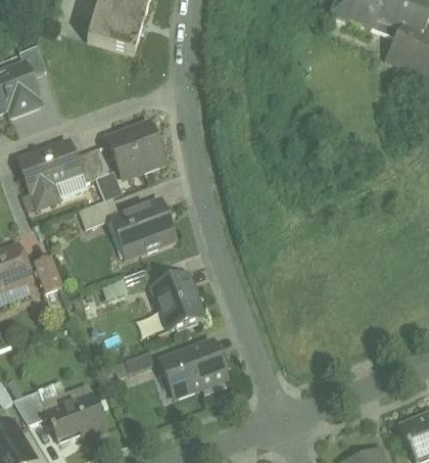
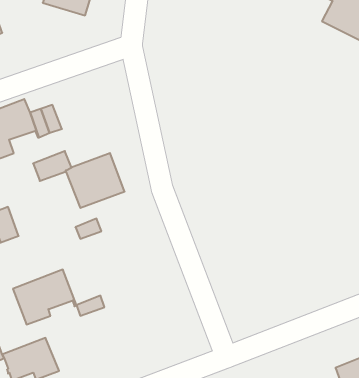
building: [105,119,164,173] -> none
building: [150,271,202,329] -> none
building: [158,338,226,397] -> [13,270,76,324]

